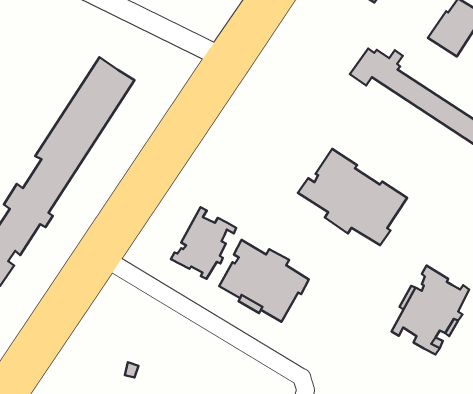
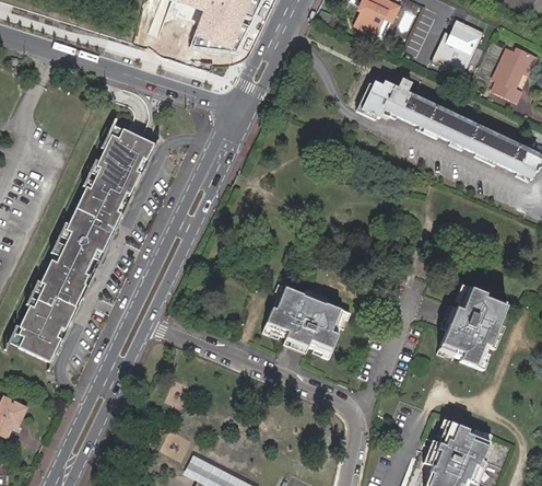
building: [298,149,407,245] -> none
building: [171,207,236,279] -> none

